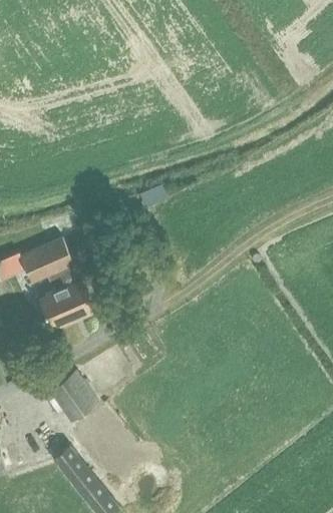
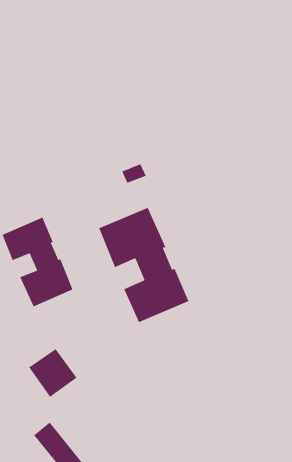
building: none -> [98,207,189,323]

